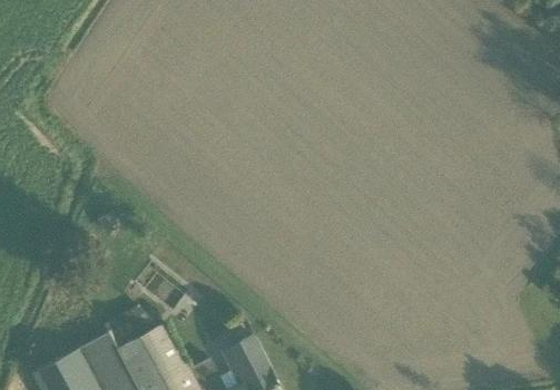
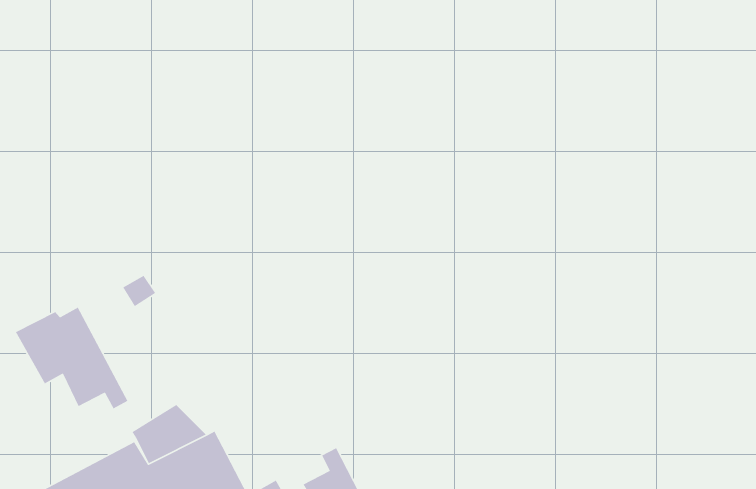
building: none -> [15,306,128,409]

